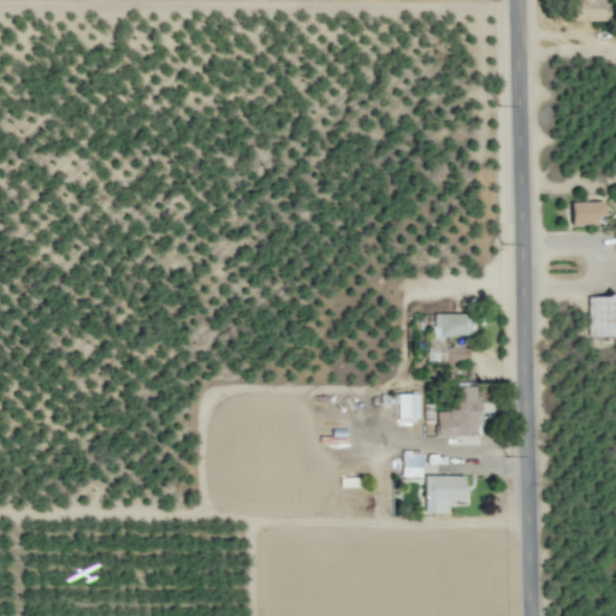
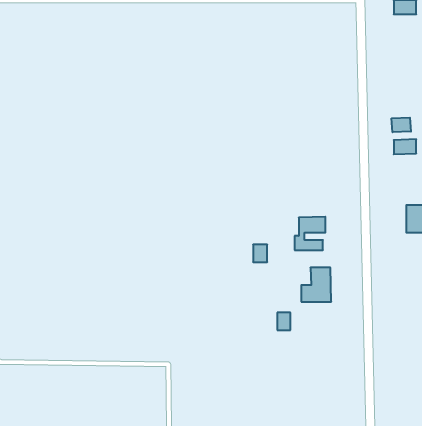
building: none -> [392,118,411,132]
building: [401,393,421,419] -> [253,245,267,262]
building: [427,475,467,513] -> none

